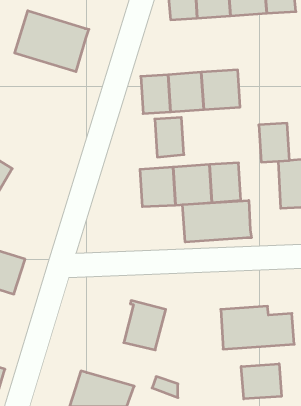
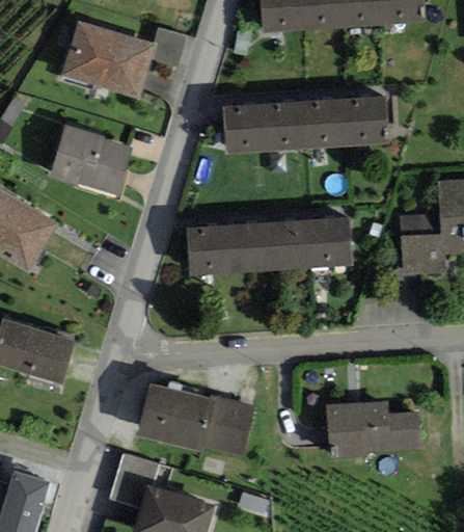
building: none -> [152,25,189,64]
building: none -> [48,124,133,197]
building: [155,117,184,157] -> [188,224,225,275]
building: [259,123,290,162] -> [348,95,387,144]
building: [183,200,251,242] -> none
building: none -> [136,382,214,450]
building: none -> [110,453,160,506]
building: [241,364,281,399] -> none

